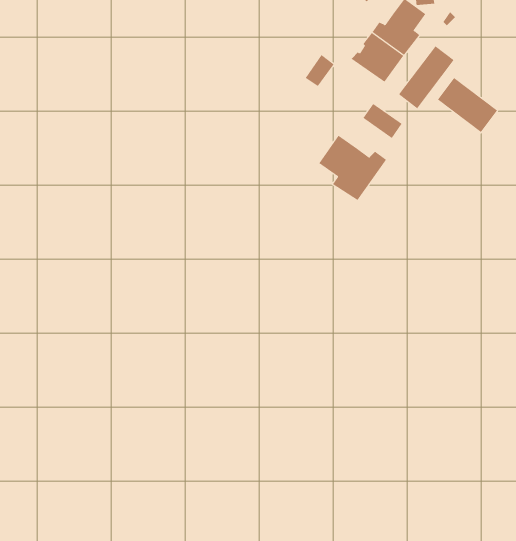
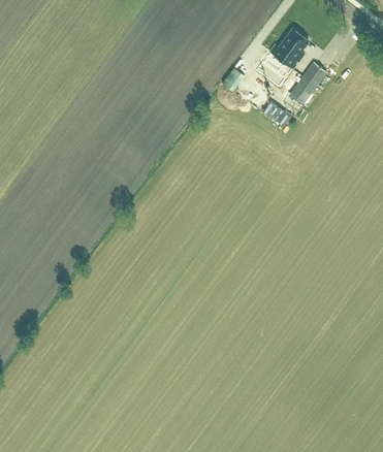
building: [437,77,498,133] -> none
building: [319,135,387,201] -> none

